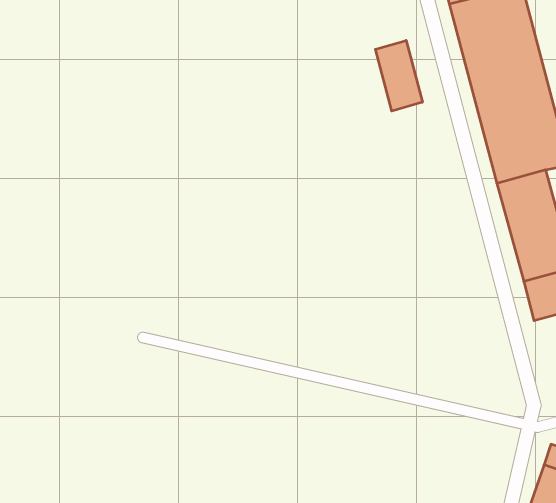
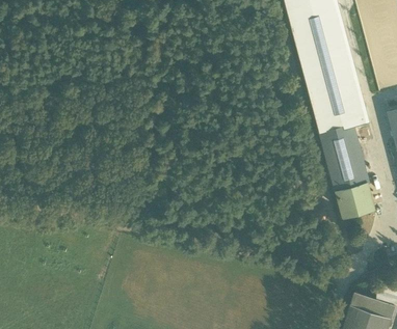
building: [375,40,422,111] -> none

